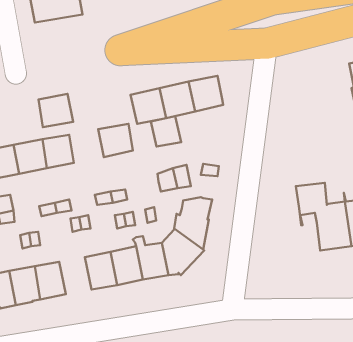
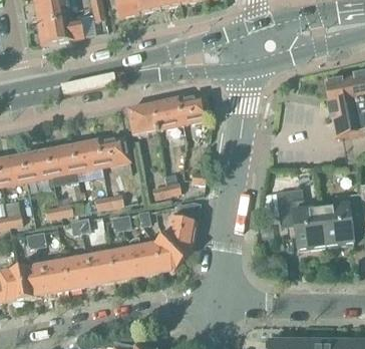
building: [38,94,73,127] -> [72,141,103,171]
building: [151,116,181,147] -> none
building: none -> [63,257,92,290]

